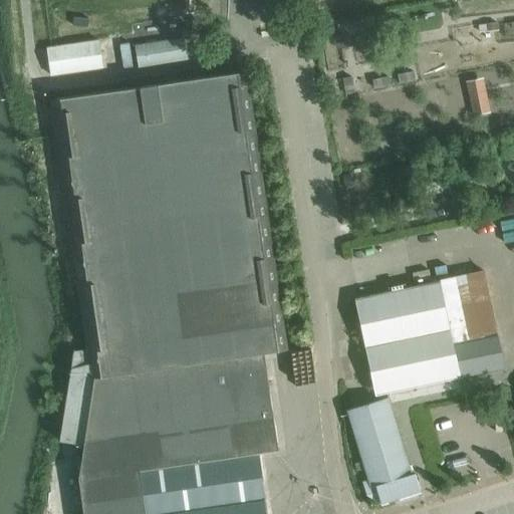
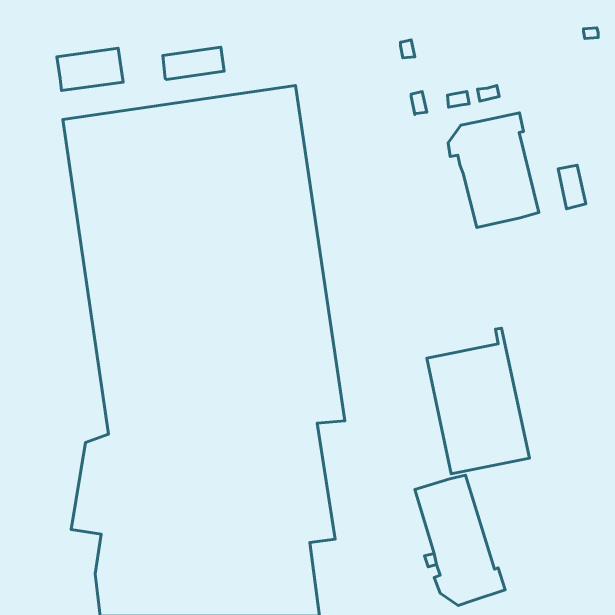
building: [468,80,491,116] -> [558,165,586,209]
building: none -> [448,113,539,228]
building: [419,270,506,382] -> none

